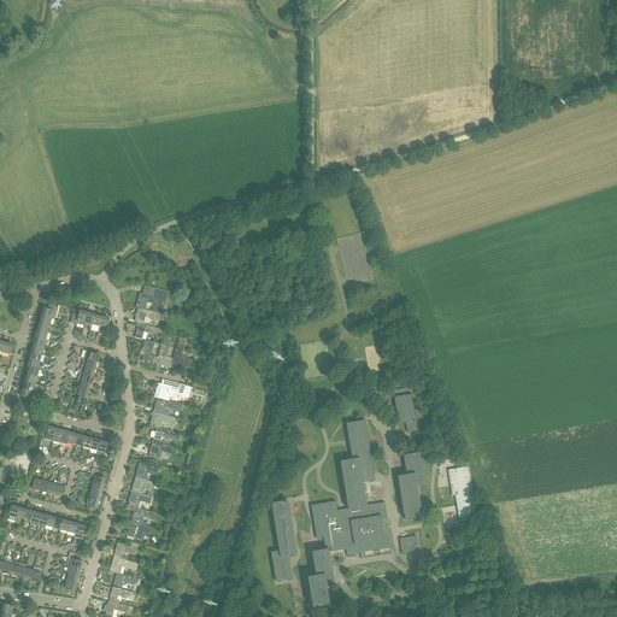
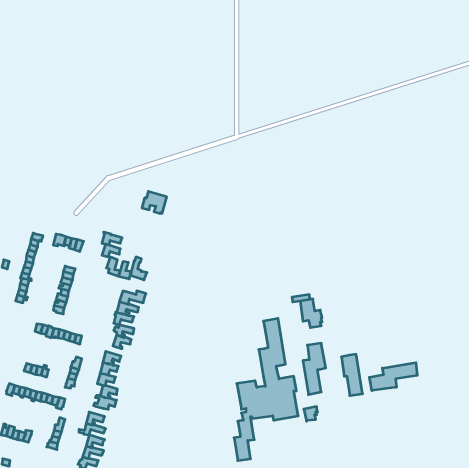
building: [136,283,169,312] -> [142,191,167,213]
building: none -> [369,363,417,391]
building: [271,499,296,581] -> none

